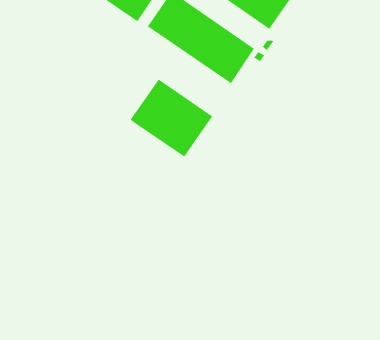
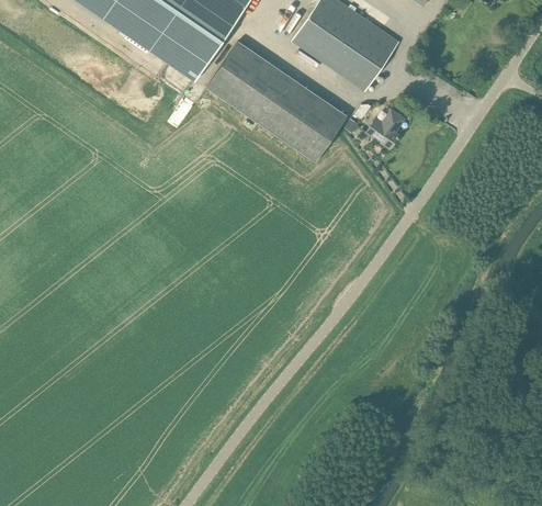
building: none -> [368,109,406,149]
building: [130,78,213,158] -> none

